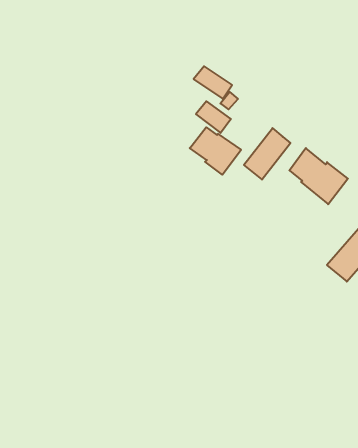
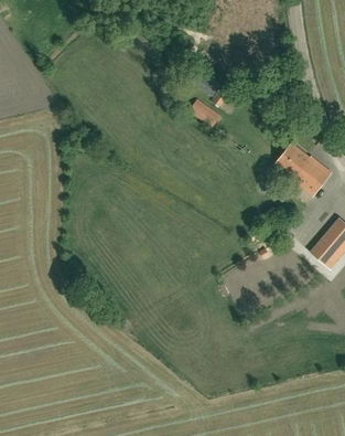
building: [190,127,241,175] -> none
building: [244,128,290,180] -> none

